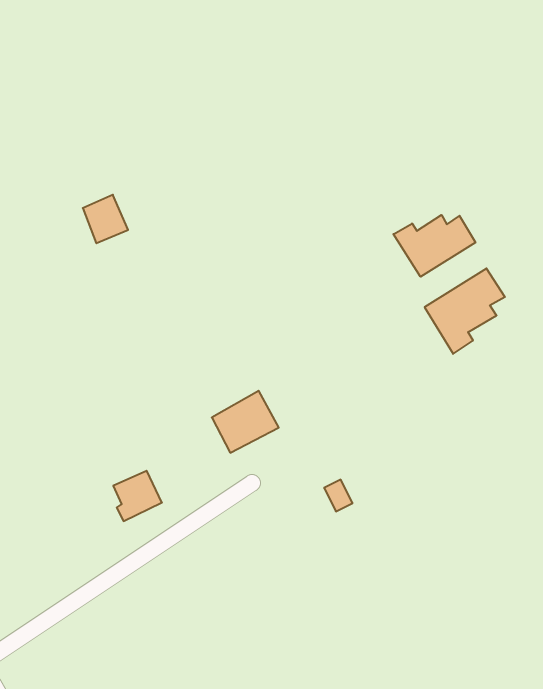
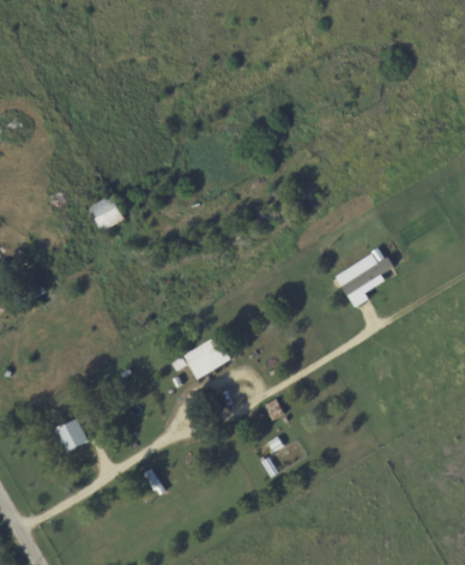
building: [393,215,475,277] -> none
building: [113,471,162,521] -> [55,419,90,455]

